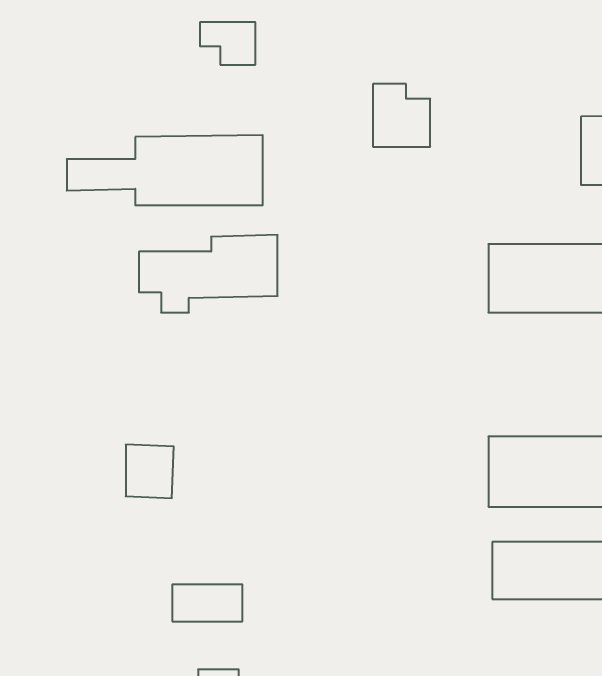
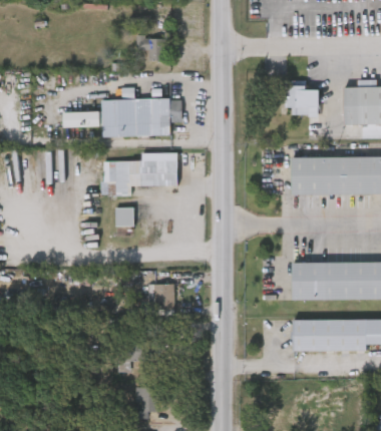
building: [373,84,430,147] -> [286,82,317,116]
building: none -> [114,207,133,227]
building: [126,445,174,498] -> [148,285,174,314]

